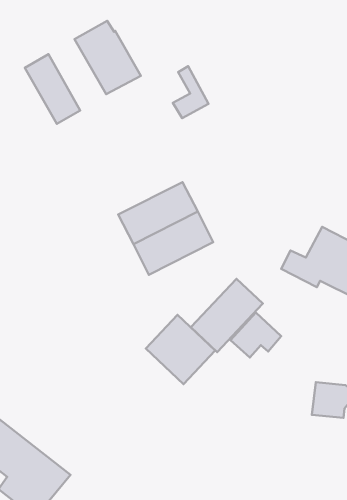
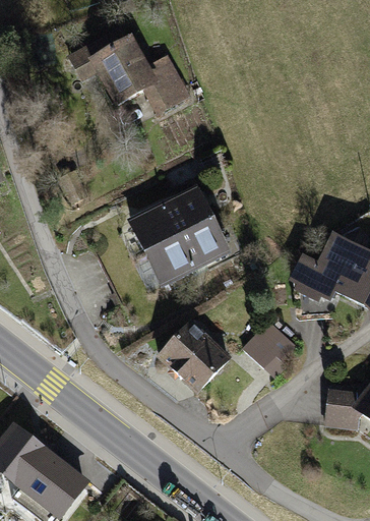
building: [25,54,80,124] -> none
building: [173,66,209,118] -> [150,58,186,110]
building: [191,279,263,352] -> none

